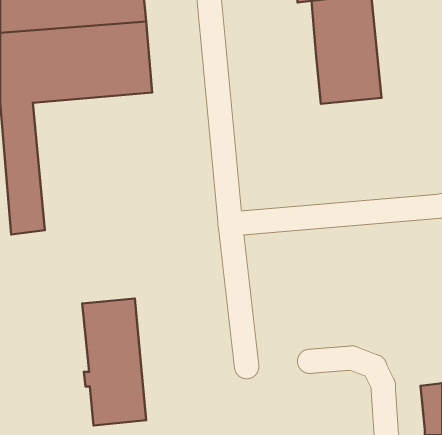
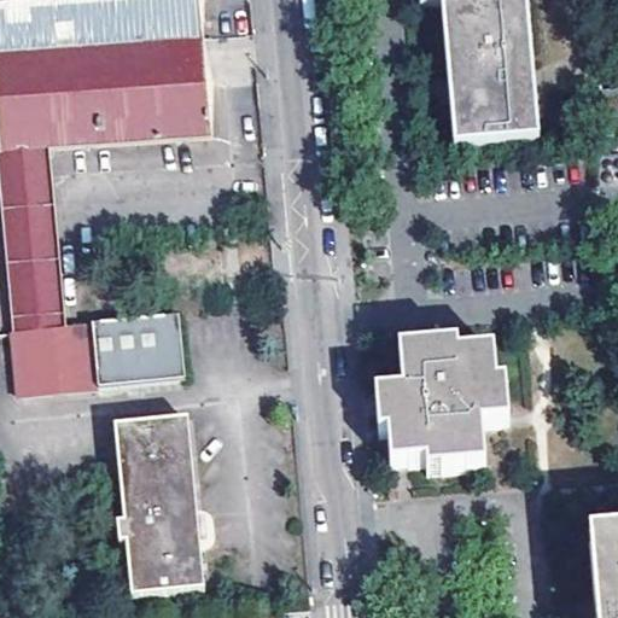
building: none -> [16,310,186,390]
building: none -> [371,344,503,472]

